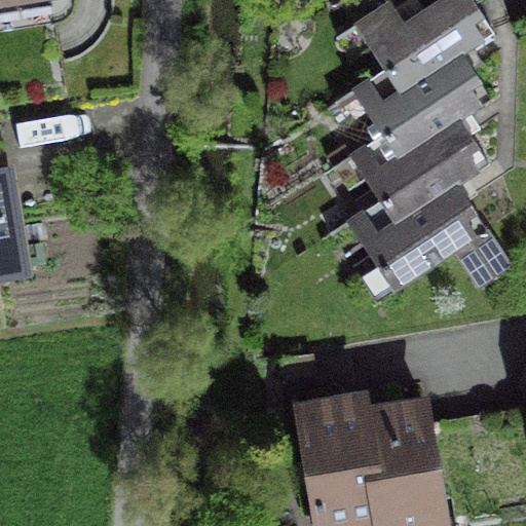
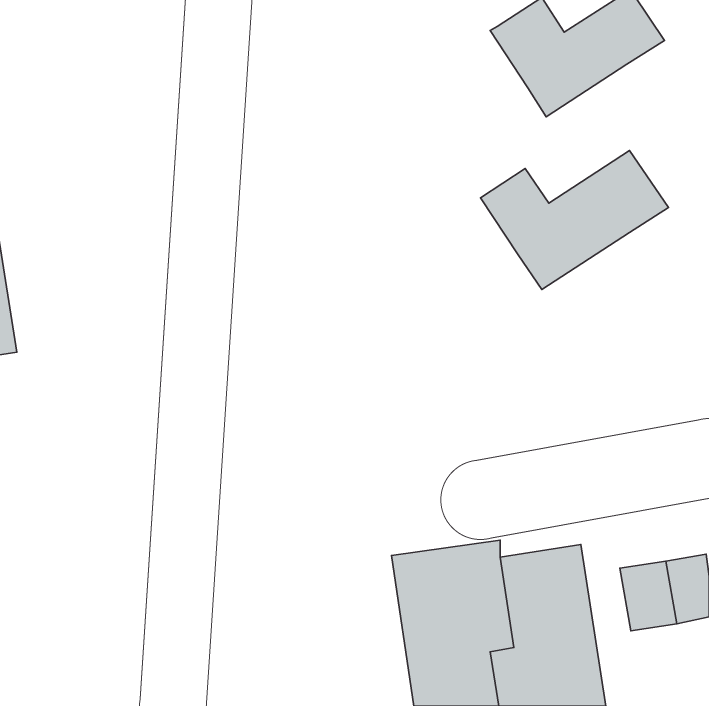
building: [361,47,492,150] -> none
building: [342,172,519,294] -> none

